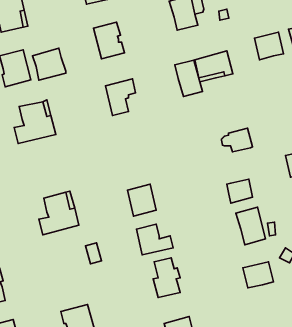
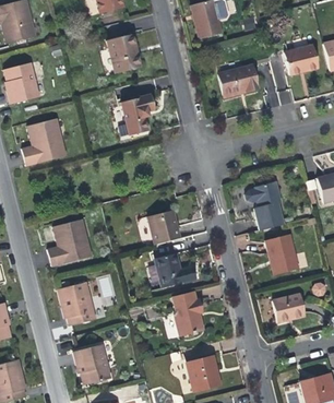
building: [32,48,66,80] -> none
building: [175,60,202,96] -> none
building: [222,128,252,152] -> [247,182,281,209]
building: none -> [58,282,96,325]

